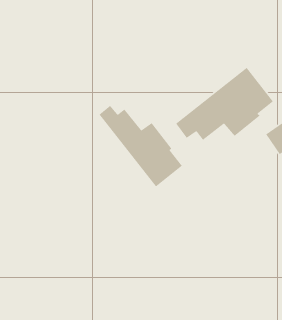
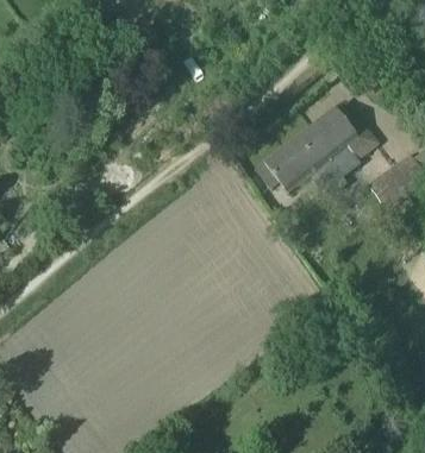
building: [98,105,183,187] -> none

